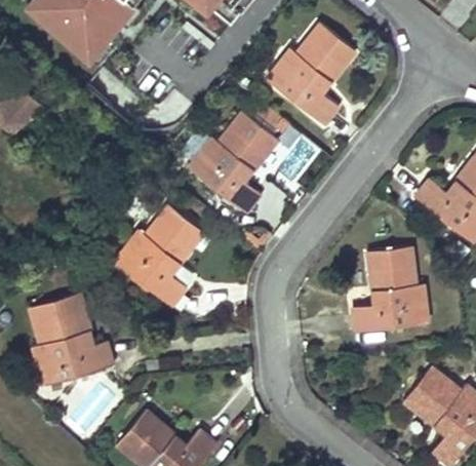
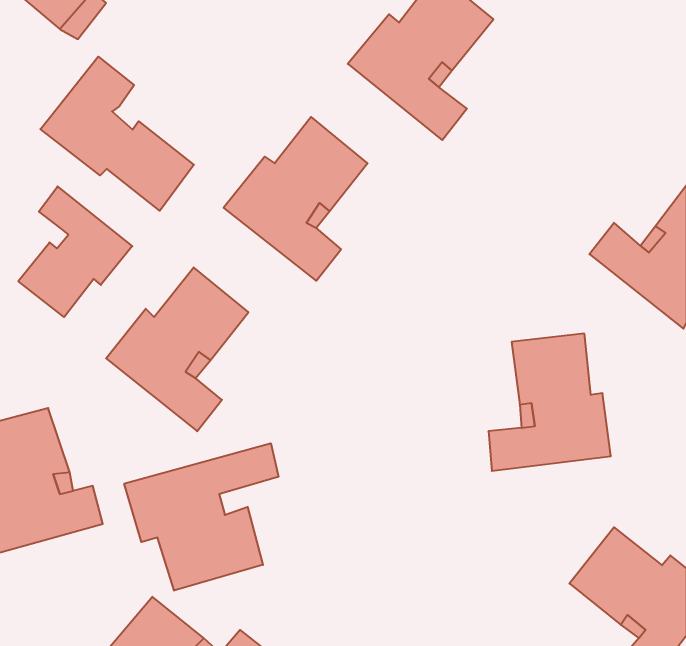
building: none -> [40,57,194,211]
building: none -> [18,186,132,317]
building: none -> [124,443,279,591]

